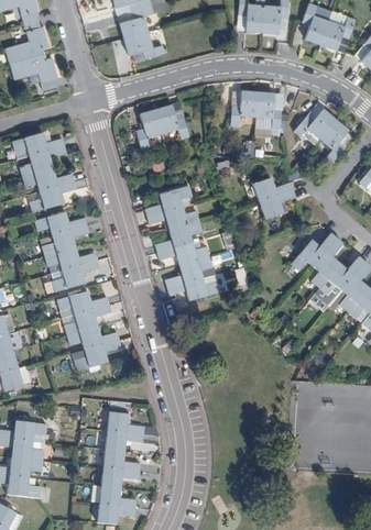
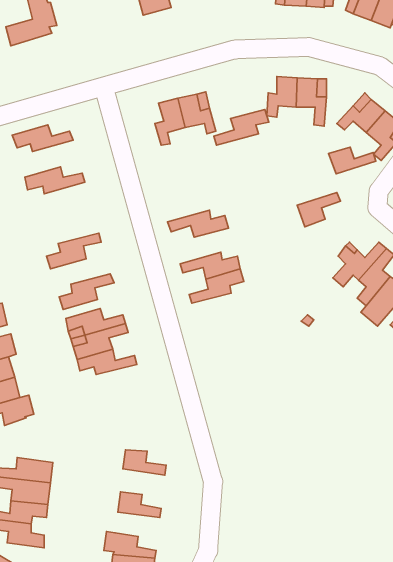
building: [124,32,164,60] -> none
building: [10,54,57,89] -> none
building: [19,146,66,178] -> none
building: [251,179,292,202] -> [329,147,376,174]
building: [30,183,76,213] -> none
building: [143,186,190,217] -> [214,110,269,145]
building: [34,212,86,235] -> none
building: [154,222,201,253] -> none
building: [44,249,96,270] -> none
building: [166,278,219,301] -> none
building: [74,340,121,371] -> none
building: [105,430,143,452] -> none
building: [100,467,139,488] -> none

